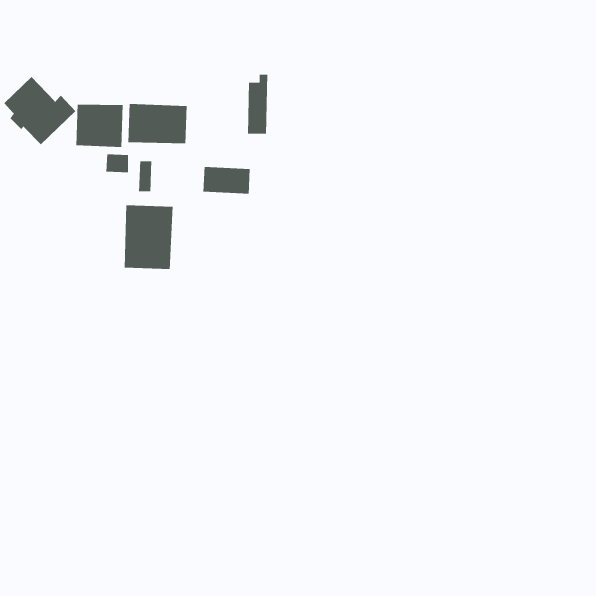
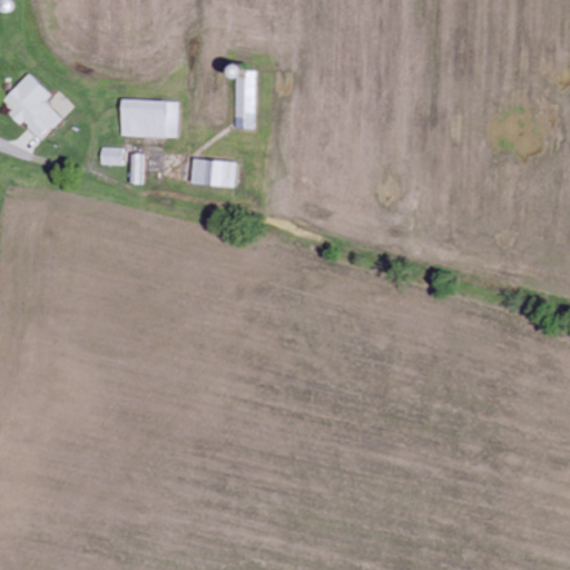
building: [76,104,124,148] -> none
building: [124,204,173,270] -> none

